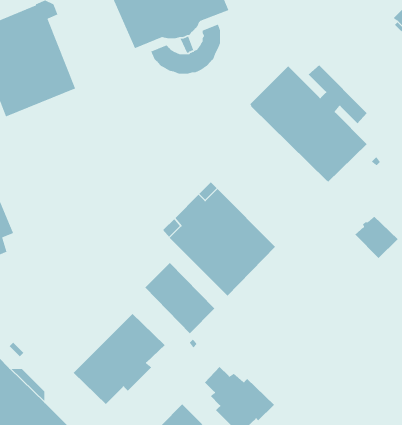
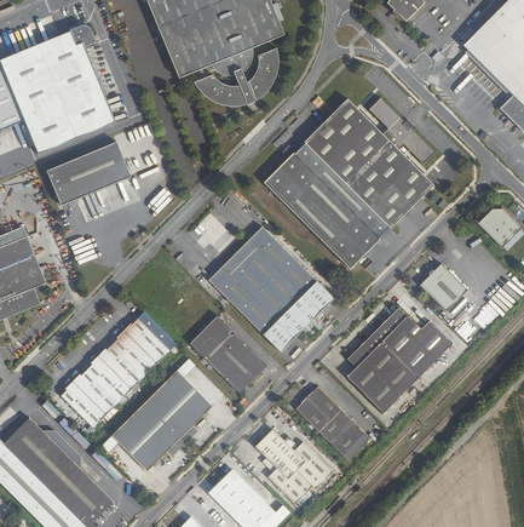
building: none -> [46,143,129,206]
building: none -> [263,143,390,269]
building: none -> [346,307,453,412]
building: none -> [61,316,171,426]
building: none -> [295,385,364,454]

